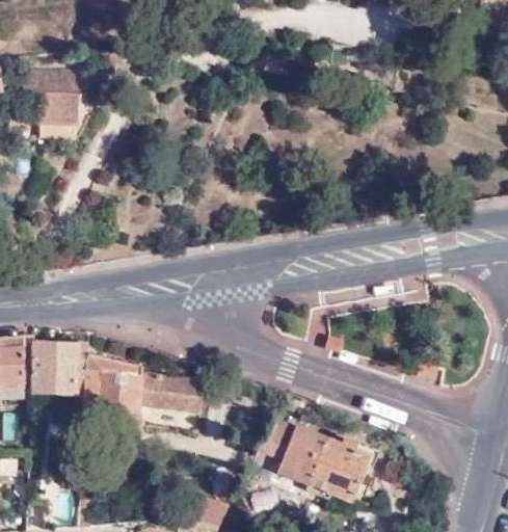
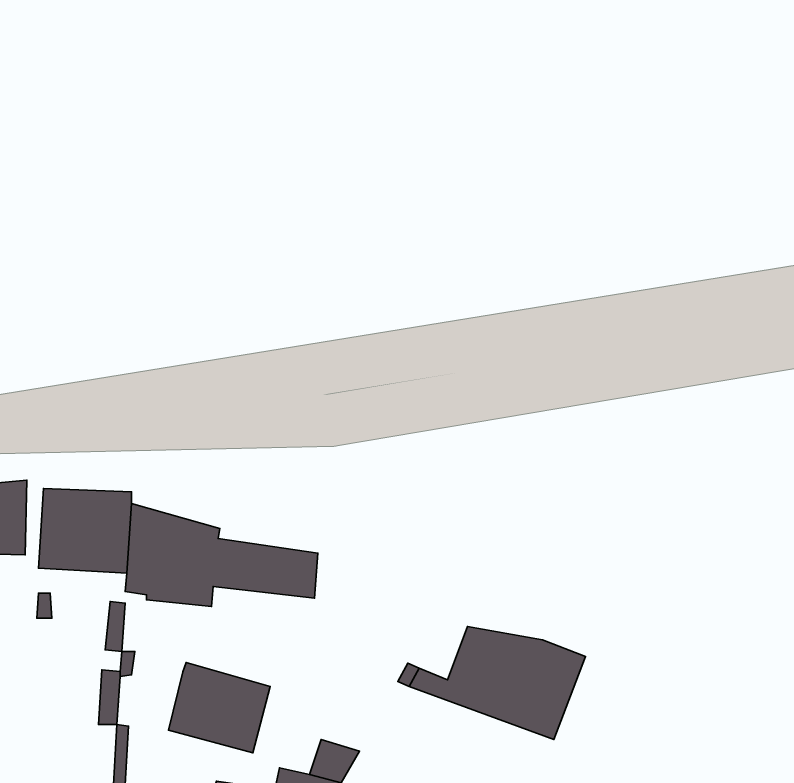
building: [22,71,80,124] -> none
building: none -> [168,662,270,753]

